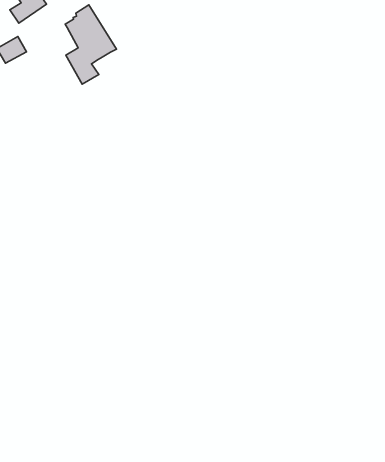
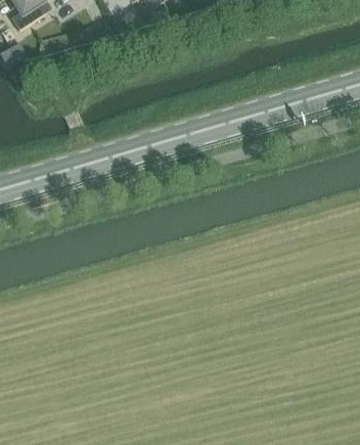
building: [65,5,116,84] -> none

